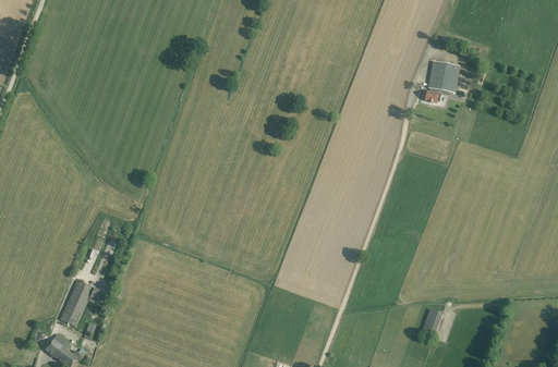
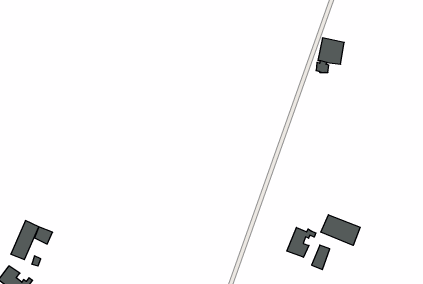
building: none -> [321,215,360,245]
building: none -> [287,227,316,257]

